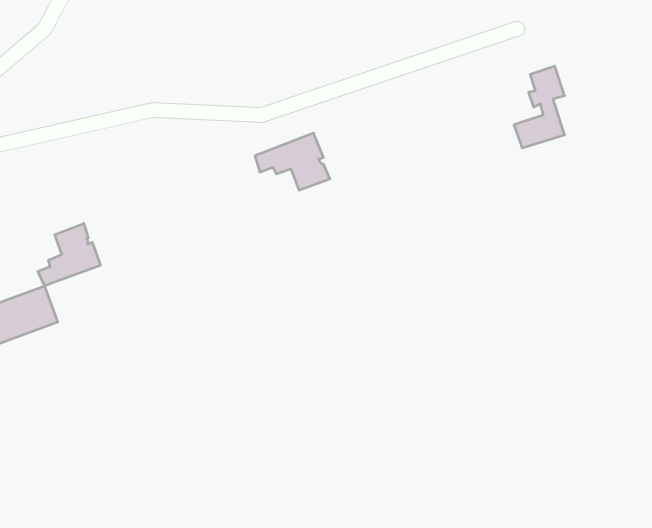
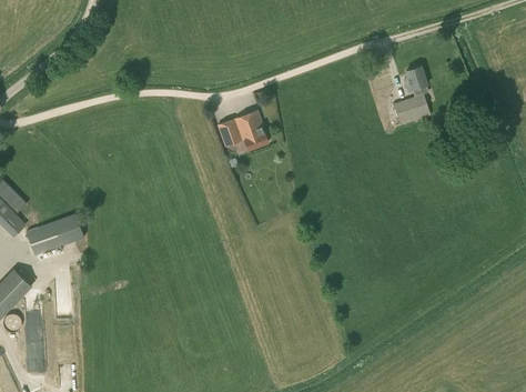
building: [38,223,100,286] -> none

